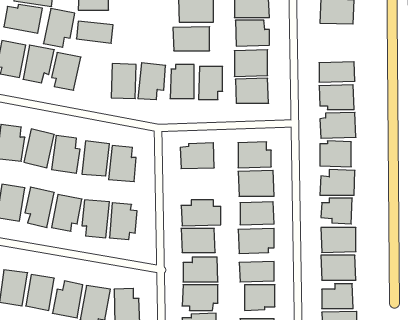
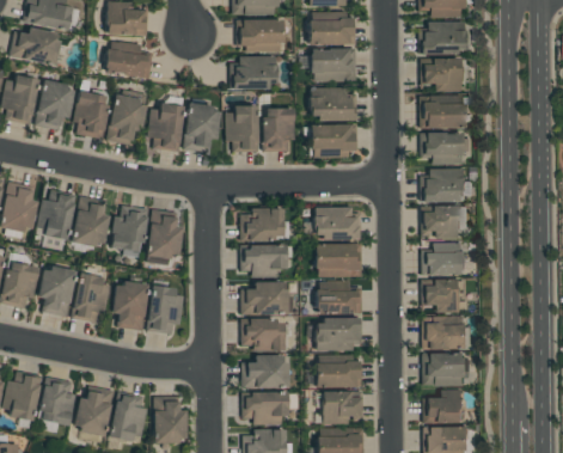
building: [43,9,75,47] -> [108,94,148,145]
building: none -> [422,57,463,91]
building: none -> [240,245,288,274]

